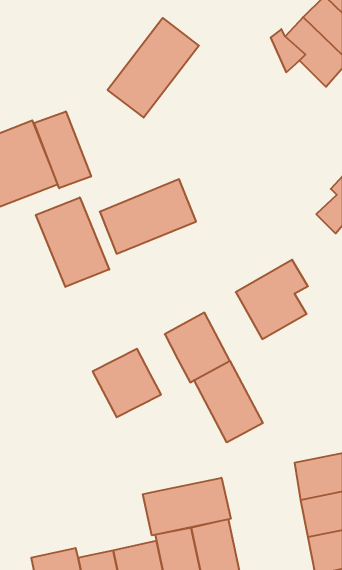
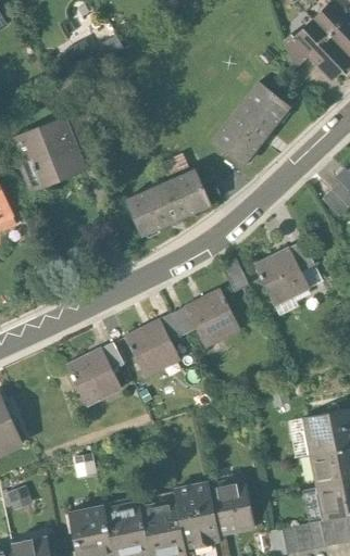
building: [108,18,199,118] -> [210,77,292,167]
building: [34,111,91,188] -> none
building: [36,197,109,287] -> none
building: none -> [161,306,198,342]
building: [194,361,263,442] -> none
building: none -> [64,346,123,407]
building: [143,478,231,535] -> none

